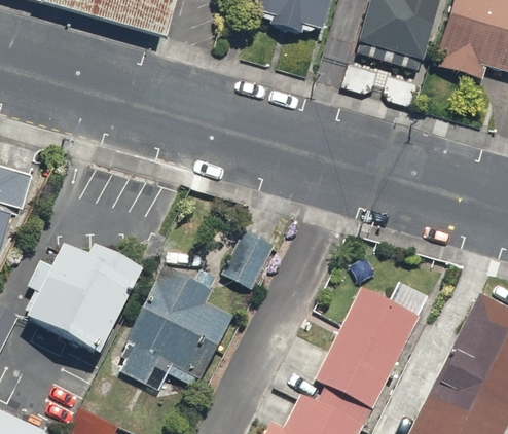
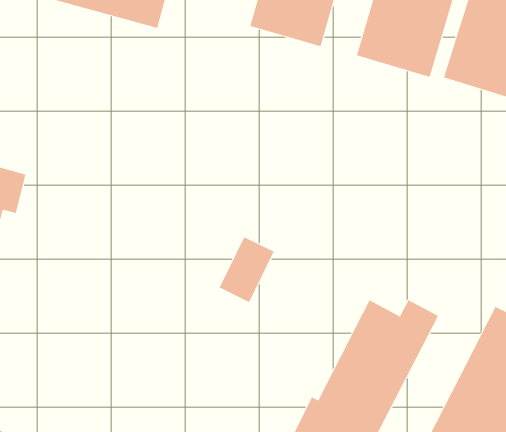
building: [26,244,152,357] -> none
building: [111,270,234,391] -> none

